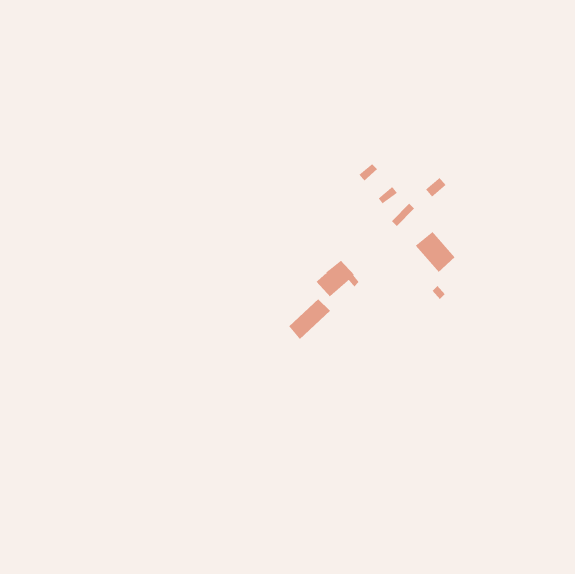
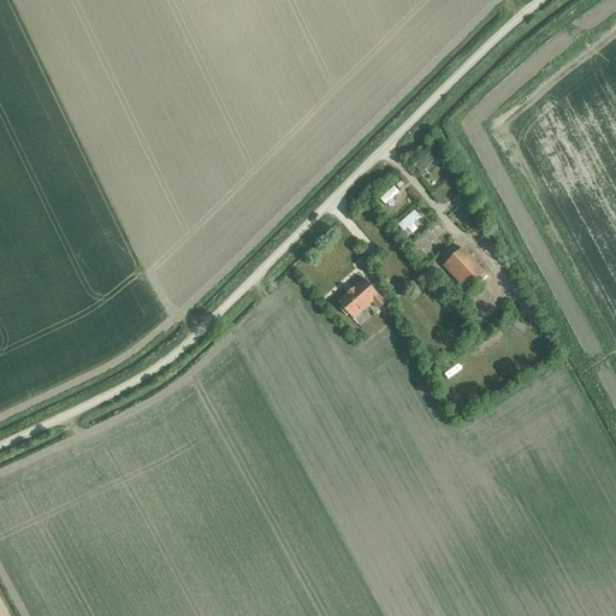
building: [288,298,331,340] -> none

